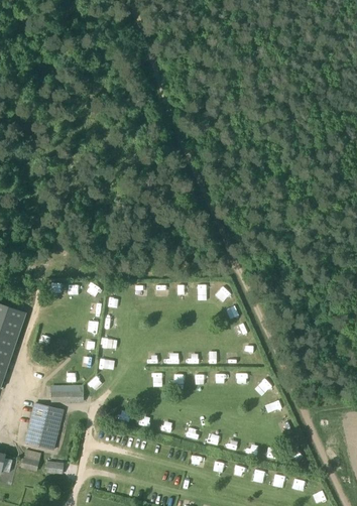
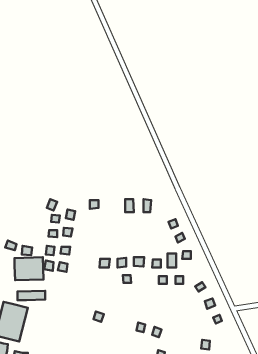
building: none -> [14,257,43,280]

